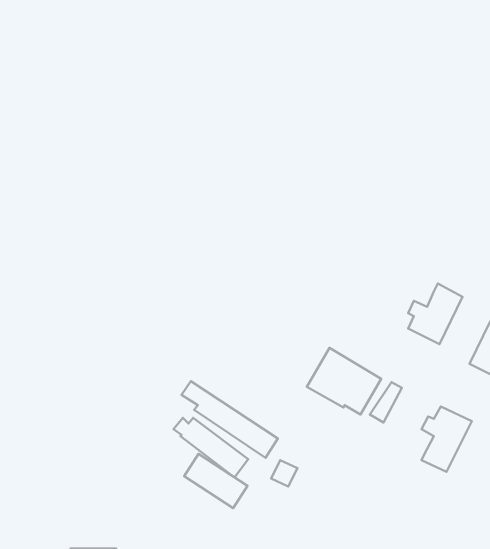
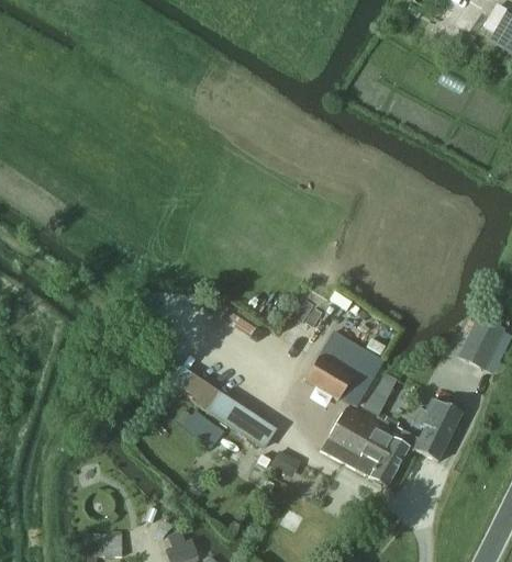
building: [408,284,463,344] -> none
building: none -> [322,405,420,485]
building: [184,454,247,508] -> none

